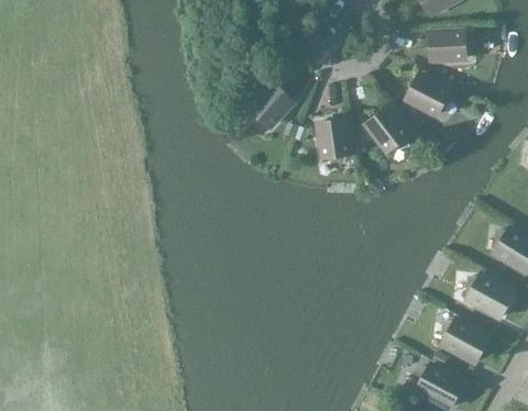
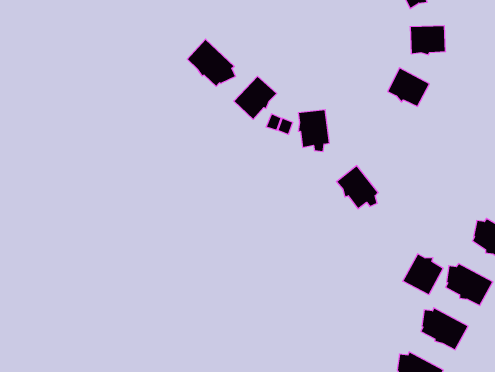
building: none -> [187,39,236,86]
building: [365,110,408,154] -> [336,166,378,209]
building: none -> [403,254,443,295]

